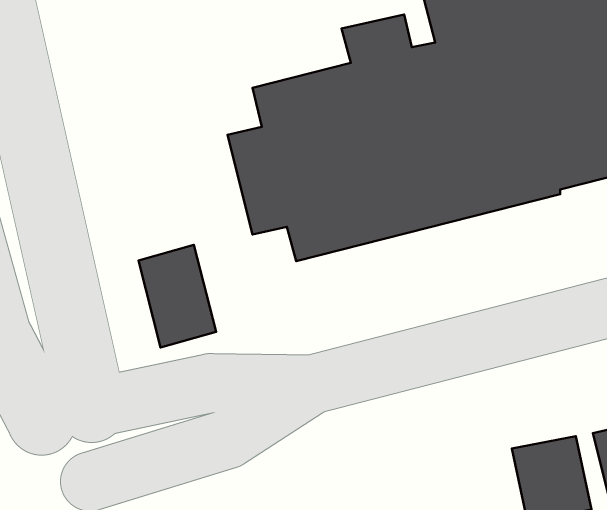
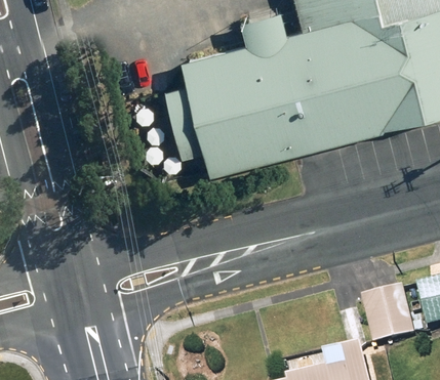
building: [138,245,216,347] -> none

